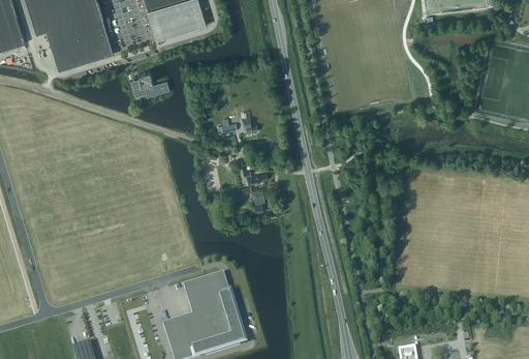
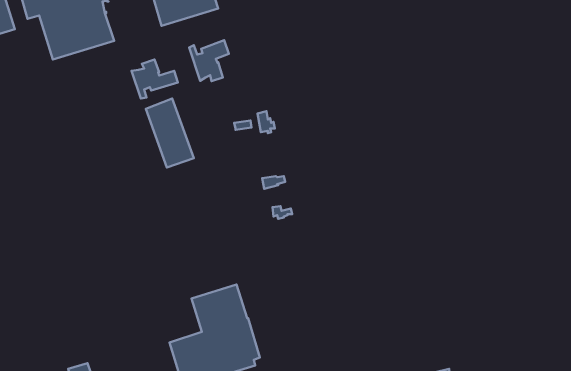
building: none -> [189,40,229,81]
building: none -> [146,99,194,168]

